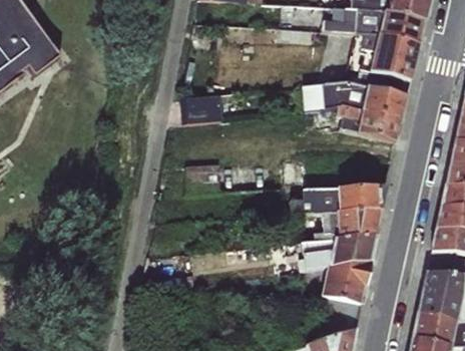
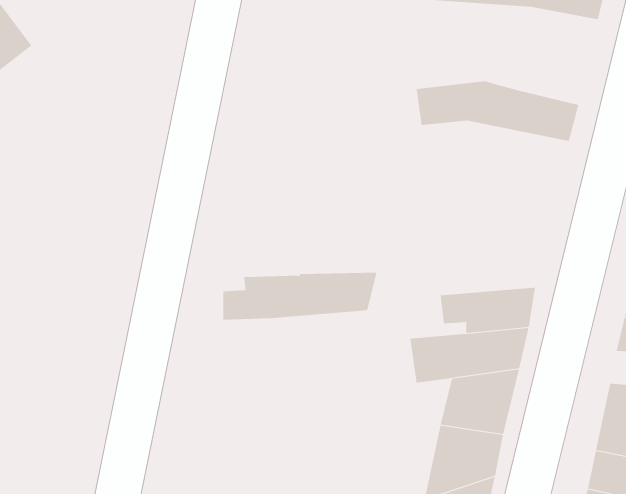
building: [368,34,419,95] -> none
building: [336,105,401,141] -> none
building: [289,186,386,216] -> [222,272,378,320]

